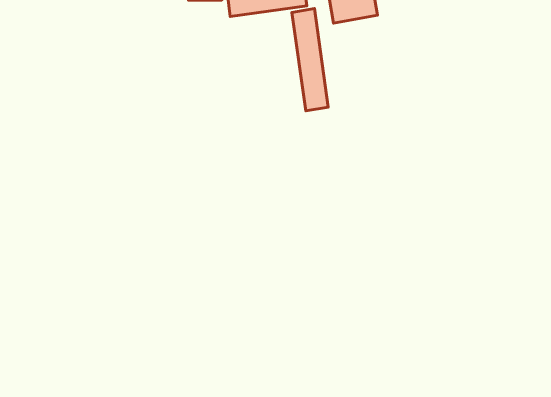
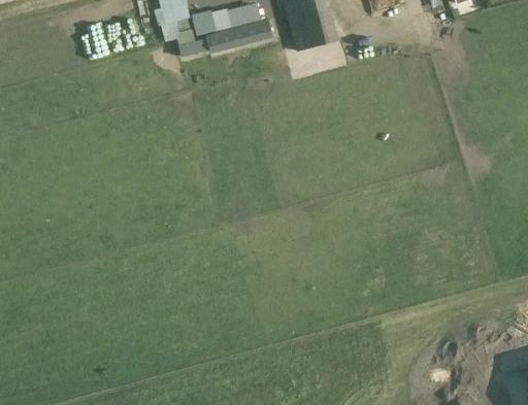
building: [292,9,328,111] -> none

